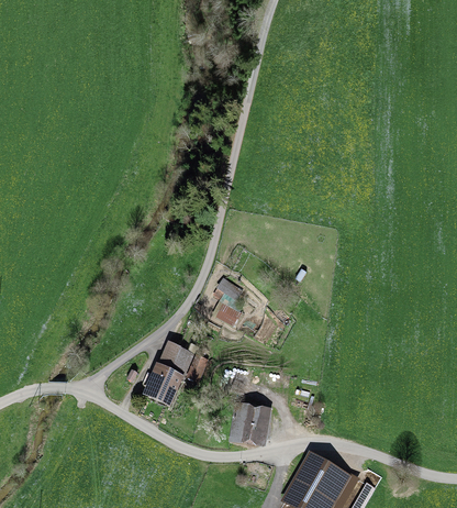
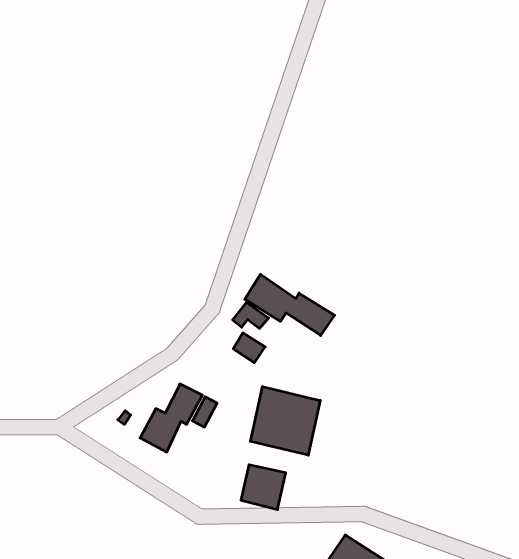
building: none -> [245,274,335,336]
building: none -> [250,387,320,455]

